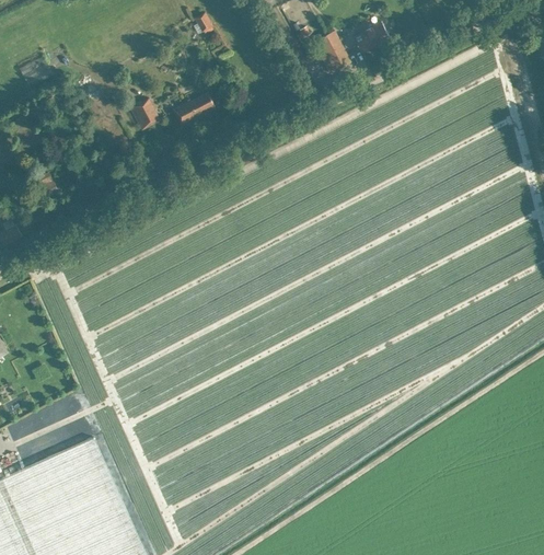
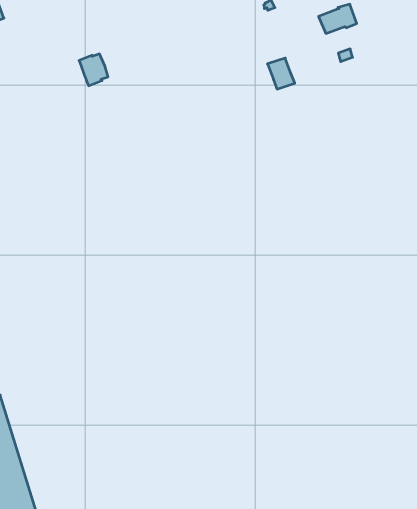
building: [323,39,351,70] -> [267,58,295,89]
building: [174,93,216,125] -> none

